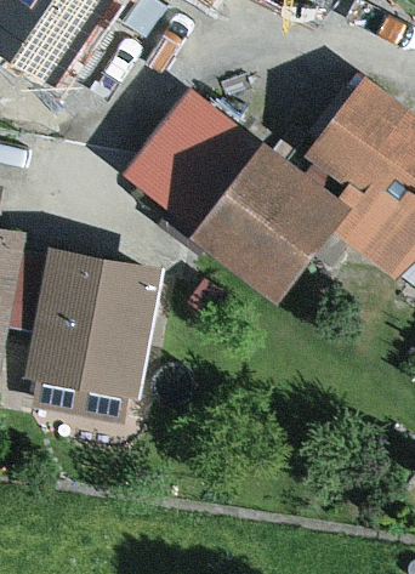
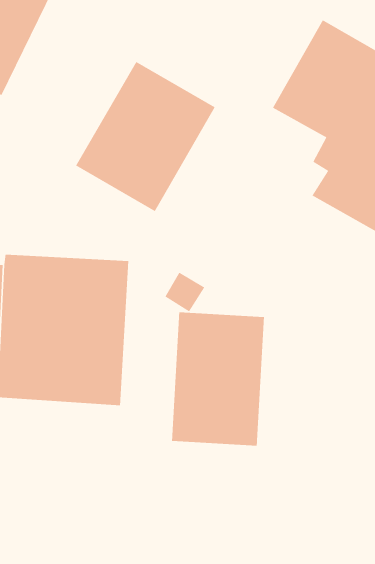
building: [183,140,348,303] -> none
building: none -> [171,312,264,446]

